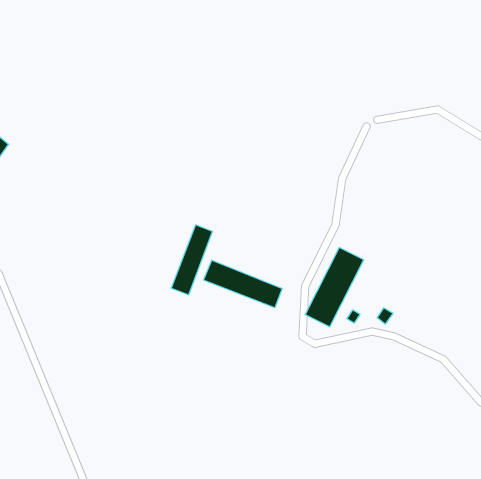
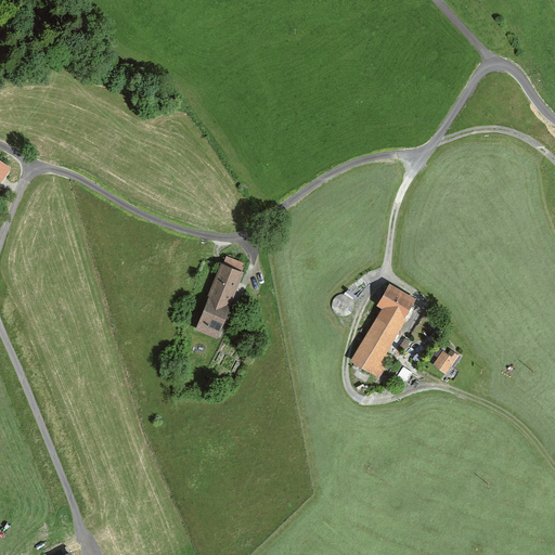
building: [204,260,282,308] -> none

